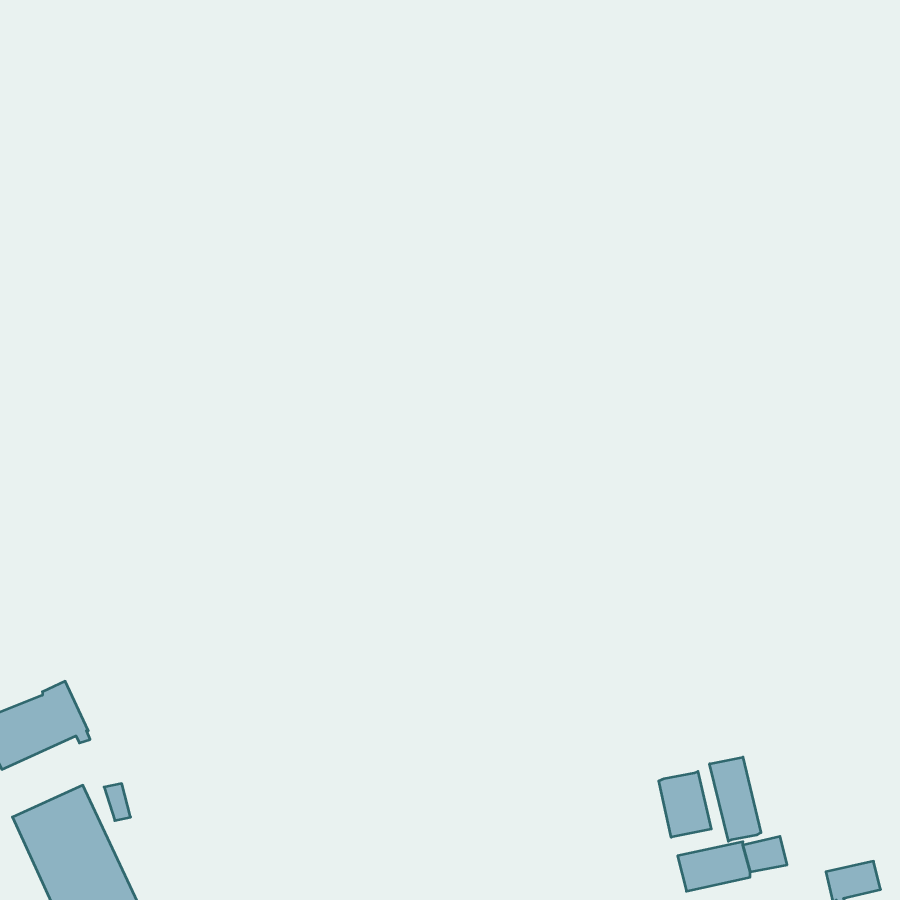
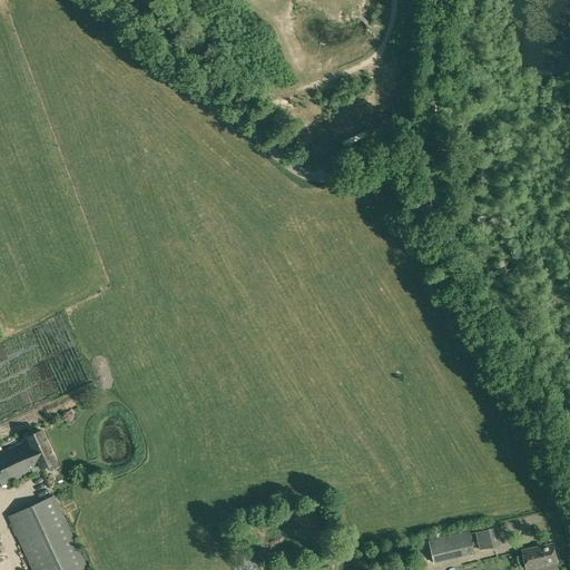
building: [710,757,761,841] -> none
building: [659,771,711,837] -> none

